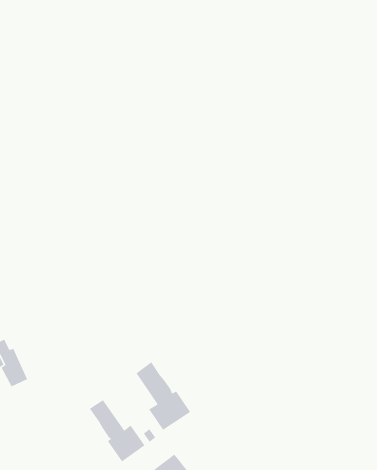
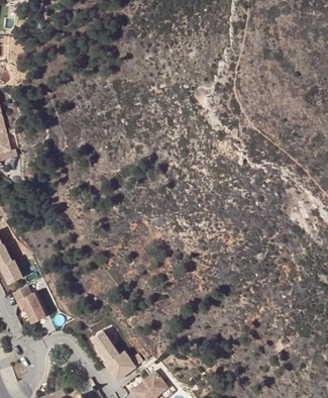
building: [135,361,191,431] -> none

